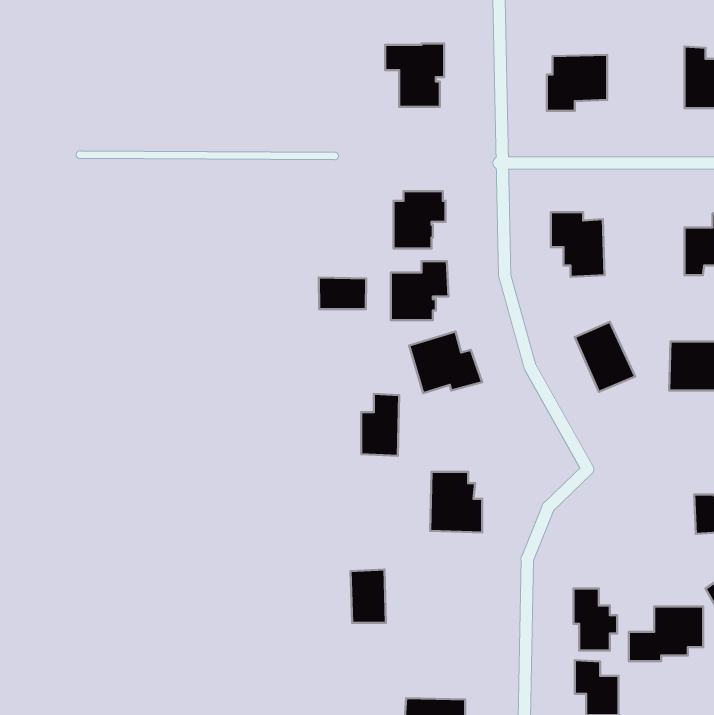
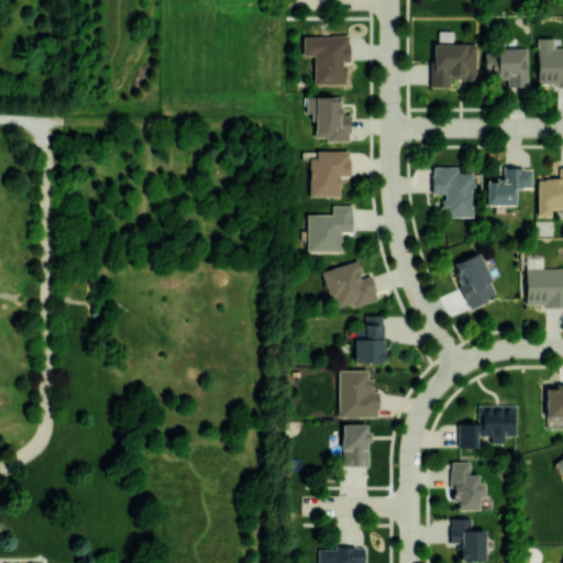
building: none -> [486,49,530,88]
building: none -> [308,98,353,142]
building: none -> [487,169,534,207]
building: [319,277,366,309] -> none
building: [361,394,399,456] -> [356,316,386,364]
building: [351,570,386,623] -> [343,426,371,467]
building: [629,606,703,661] -> [460,406,518,449]

